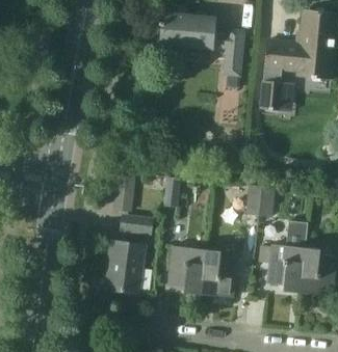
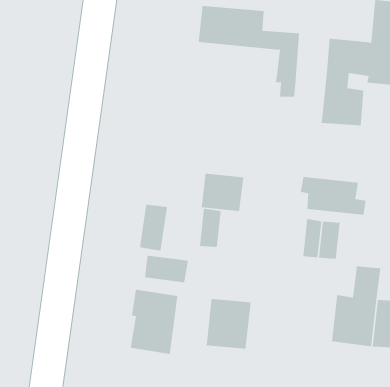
building: none -> [201,173,244,212]
building: none -> [300,176,366,215]
building: [200,250,236,297] -> none

